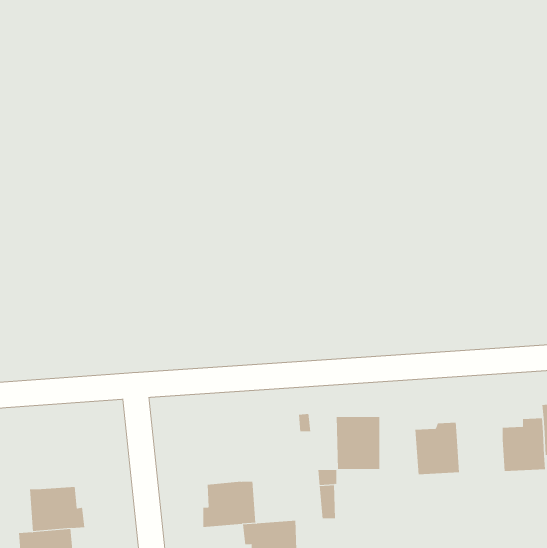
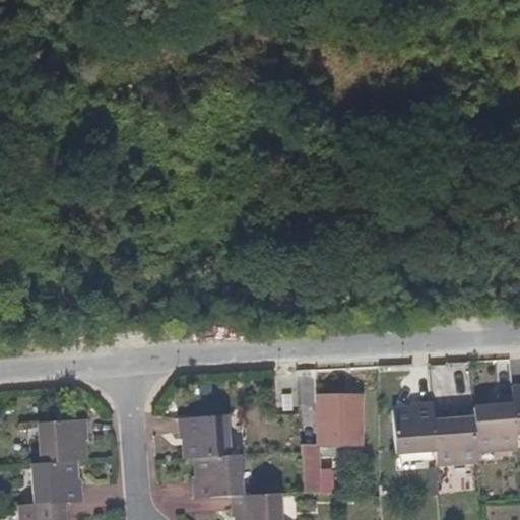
building: none -> [435,412,479,461]
building: none -> [180,416,231,459]
building: none -> [40,419,87,463]

